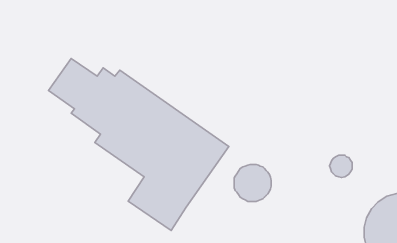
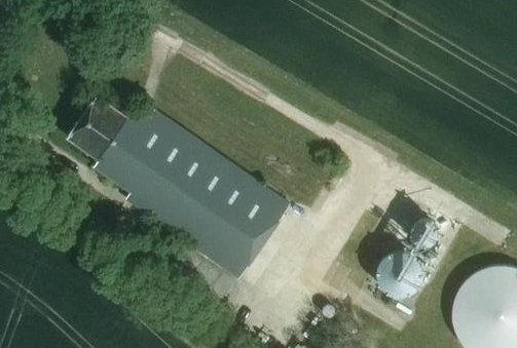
building: [234,164,271,201] -> [380,248,426,294]

